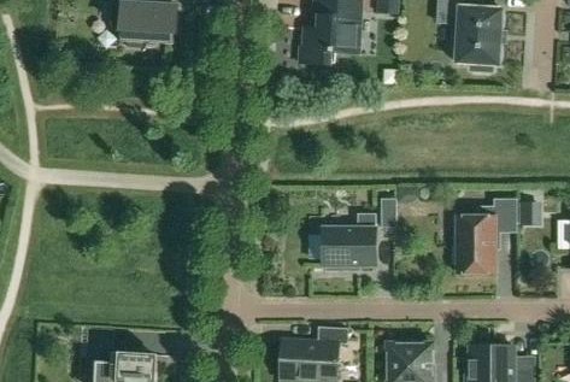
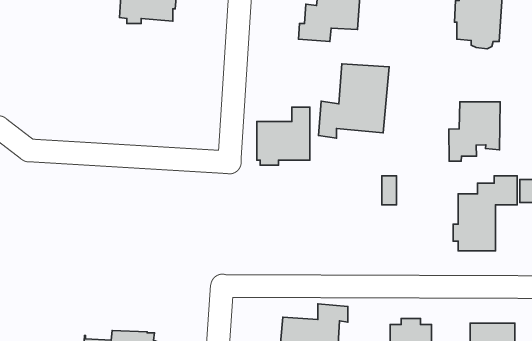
building: none -> [319,64,389,138]
building: none -> [449,102,500,161]
building: [322,213,375,271] -> [257,107,310,165]

